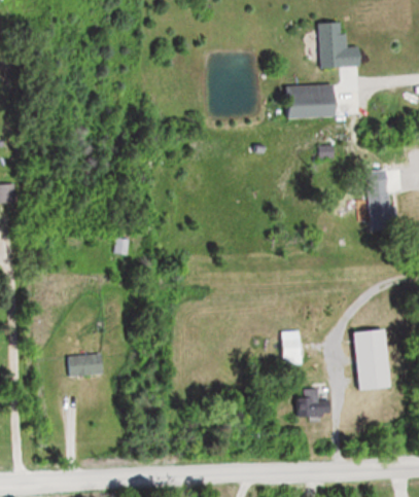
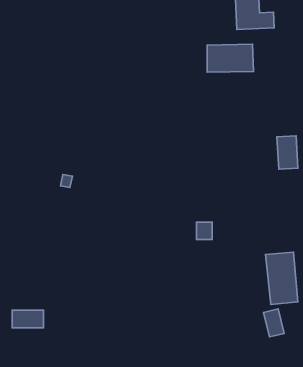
building: [281,339,300,359] -> [197,222,212,239]
building: [65,354,102,375] -> [12,310,43,328]
building: [296,387,321,420] -> [263,309,284,337]

